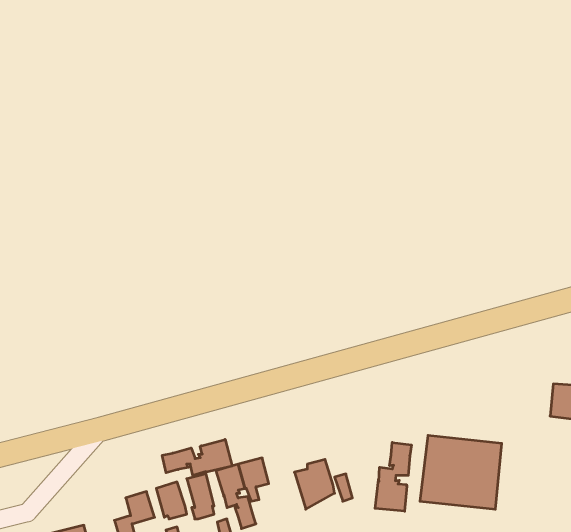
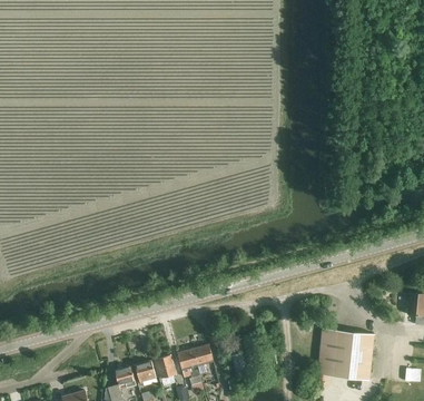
building: [162,439,232,476] -> none
building: [375,442,411,511] -> none

